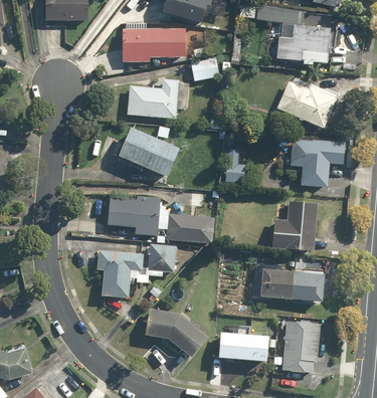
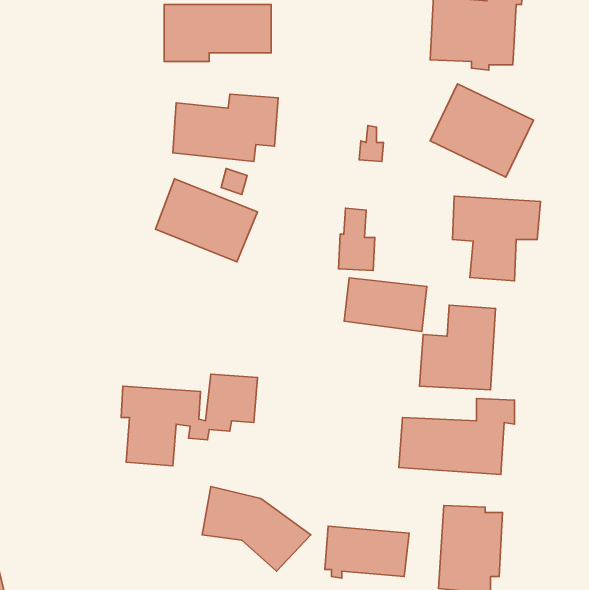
building: [192,58,216,78] -> none
building: [108,196,160,236] -> none
building: [166,212,214,243] -> [344,278,427,331]

